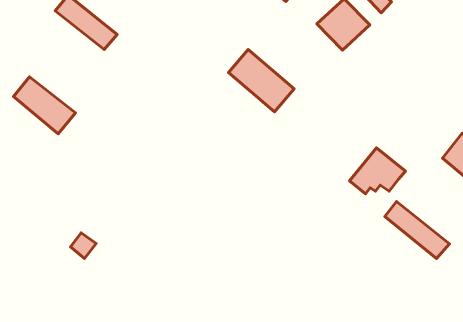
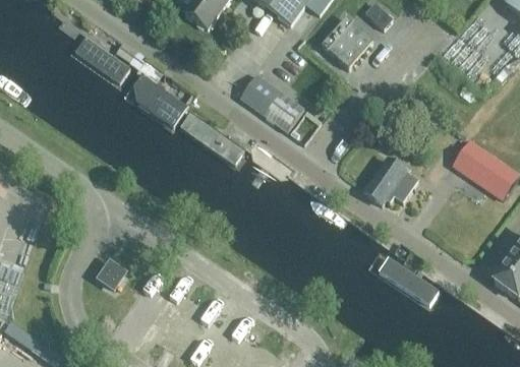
building: [13,77,76,134] -> [125,76,186,129]
building: none -> [179,114,243,167]
building: [385,202,449,259] -> [374,254,439,306]

